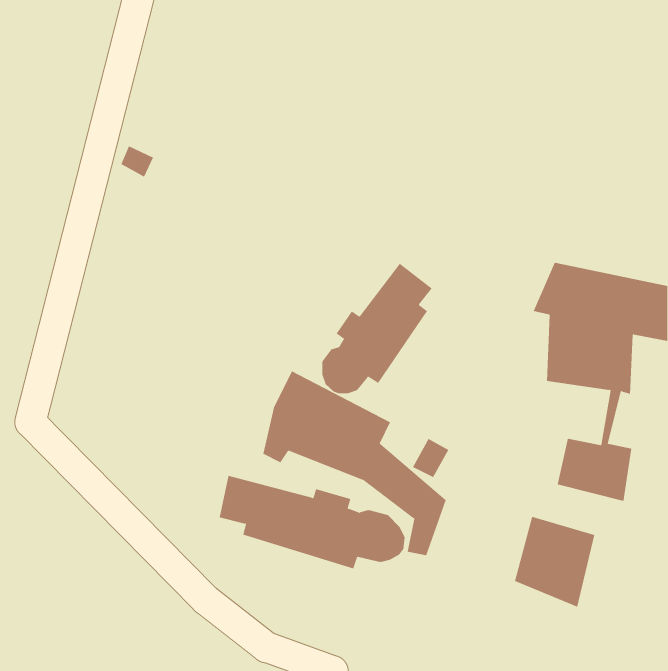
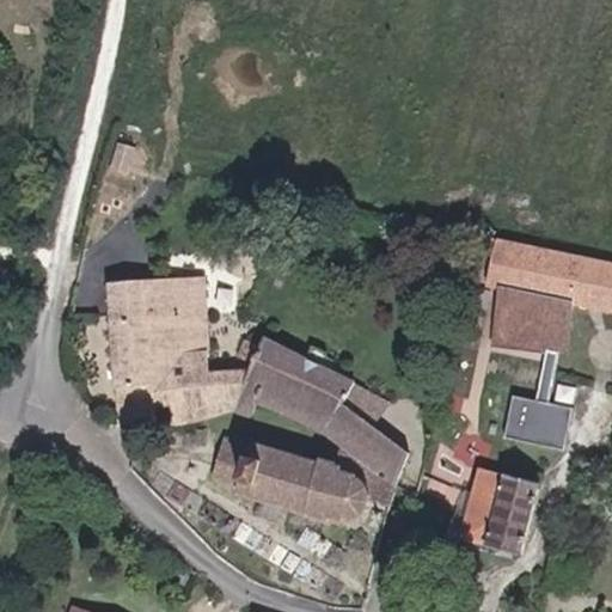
building: [322,263,432,394] -> none
building: none -> [93,276,246,423]

